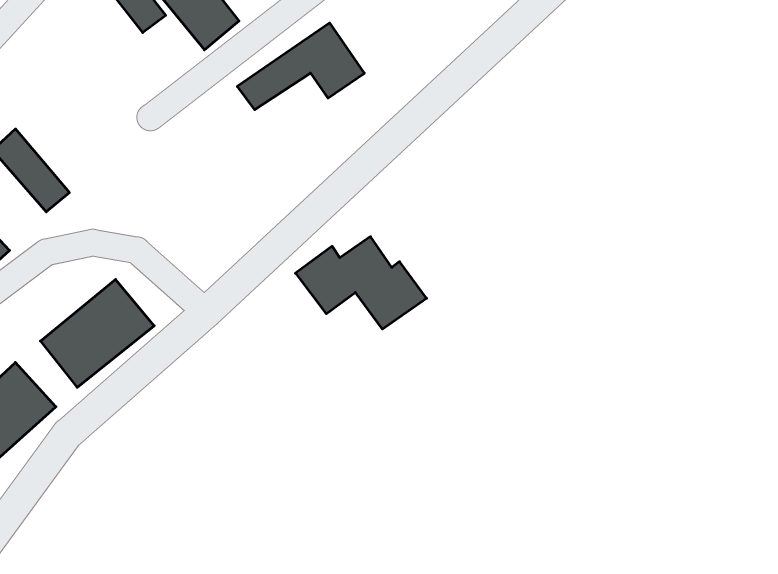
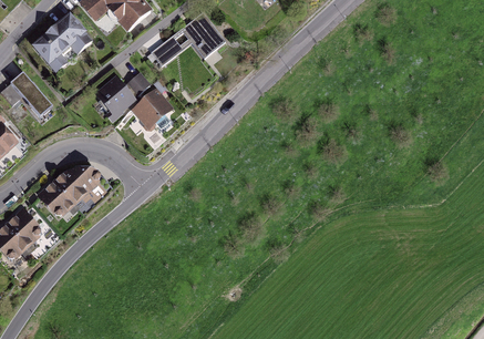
building: none -> [41,16,95,69]
building: [295,237,427,329] -> [100,74,175,127]

